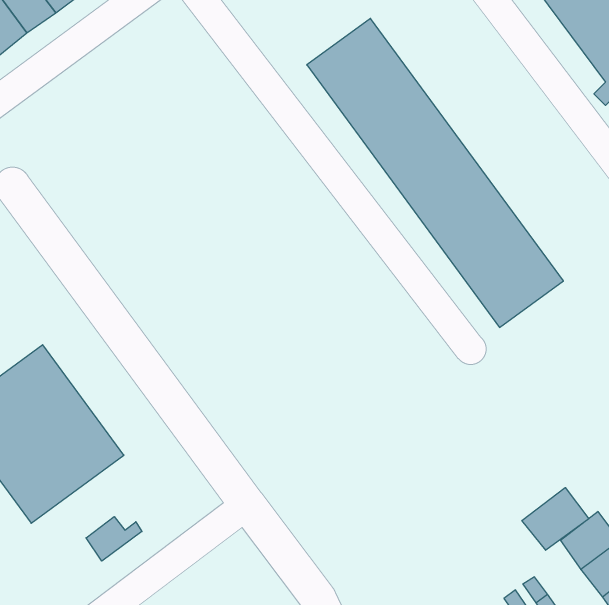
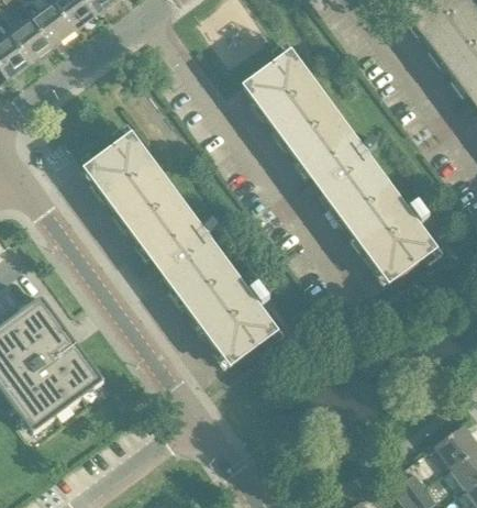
building: none -> [84,131,278,365]
building: [522,488,589,550] -> none
building: [86,517,142,561] -> none

